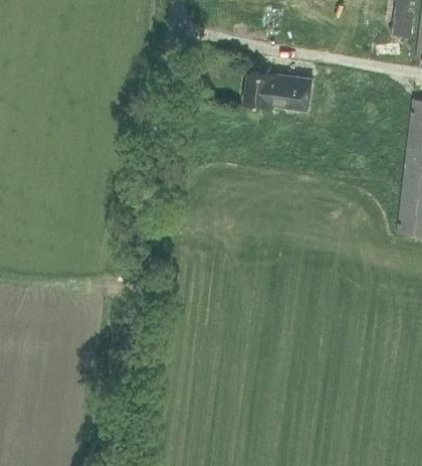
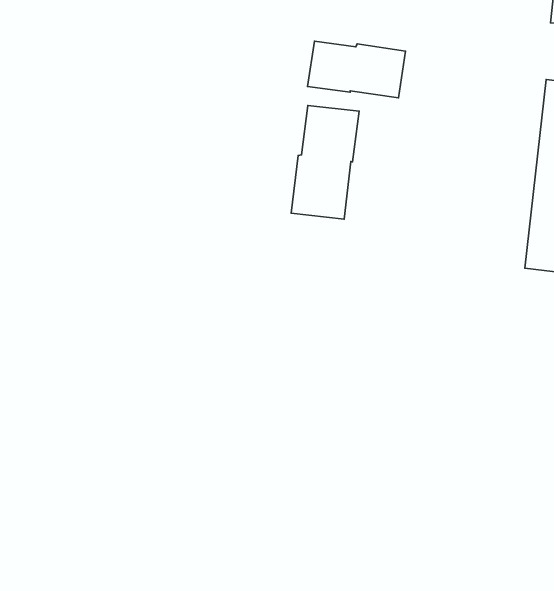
building: none -> [291,106,359,219]

